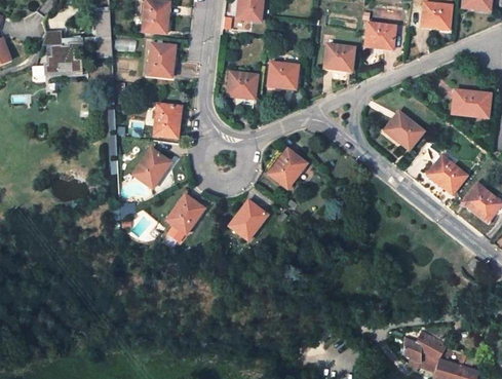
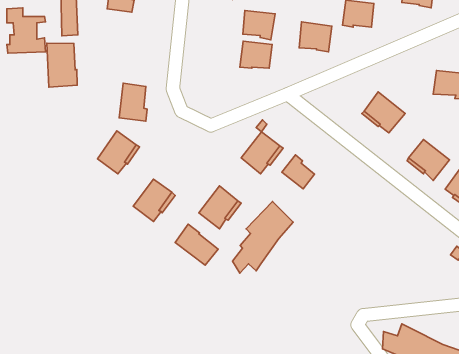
building: [146,42,175,77] -> none
building: none -> [47,43,77,87]
building: [227,72,258,100] -> [243,11,275,40]
building: none -> [282,155,314,189]
building: none -> [233,202,293,273]
building: none -> [175,224,218,265]

